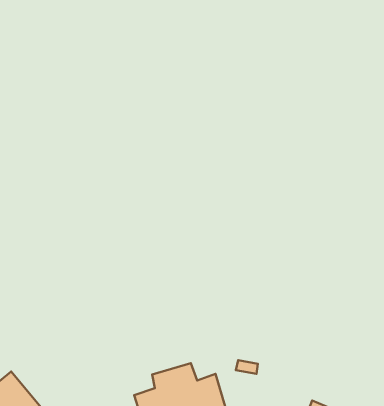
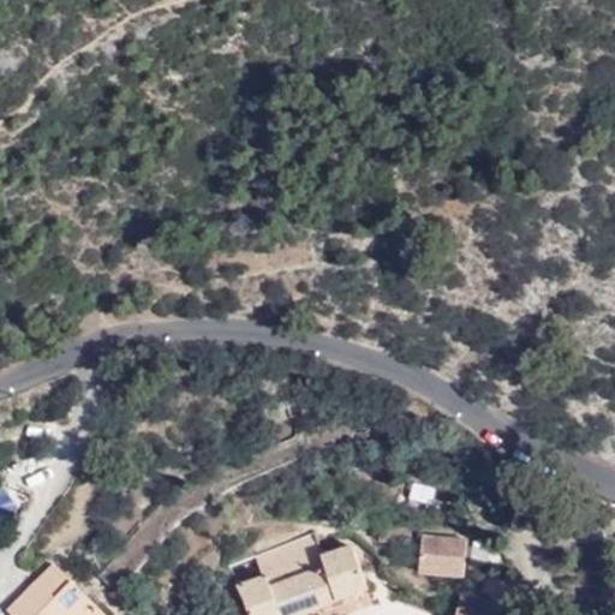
building: none -> [414,539,462,579]

